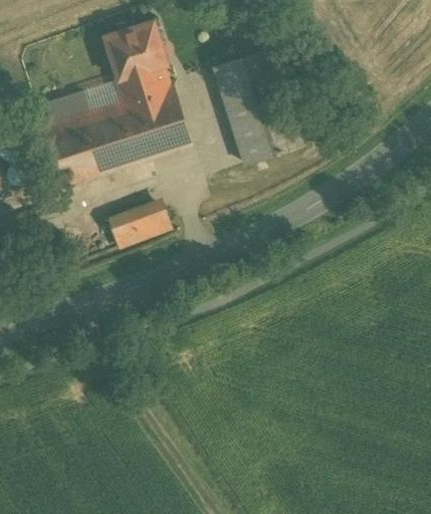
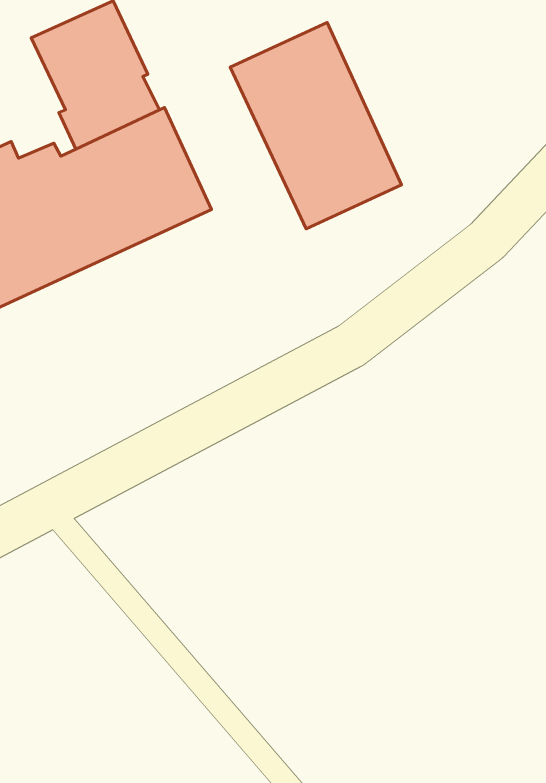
building: [106,200,169,246] -> none

